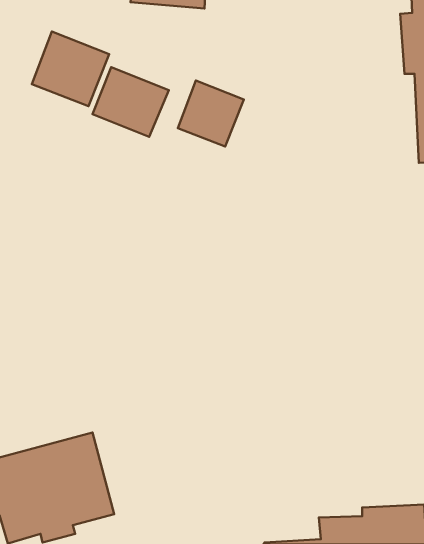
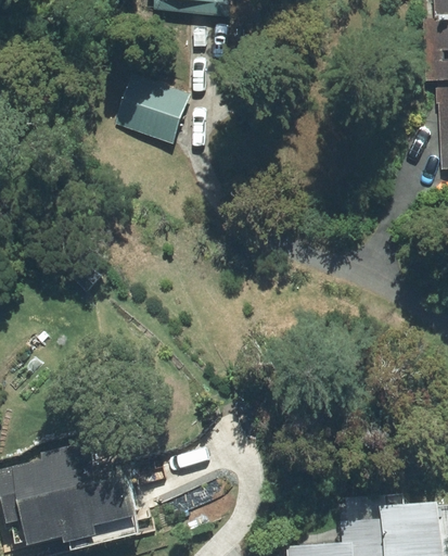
building: [32,32,109,106] -> none
building: [178,81,244,147] -> none

